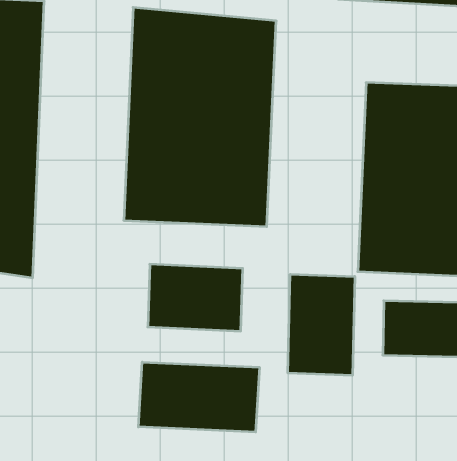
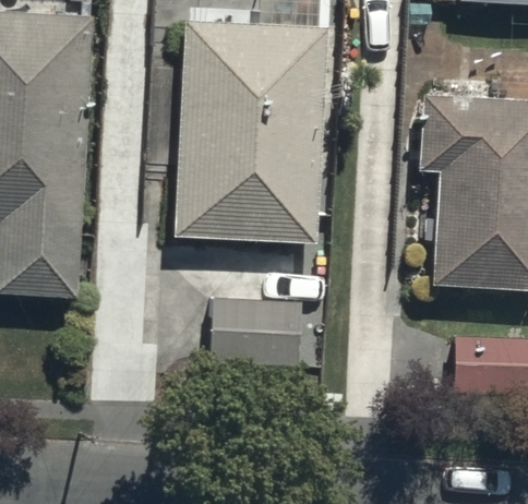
building: [288,274,355,375] -> none
building: [138,362,259,432] -> none

